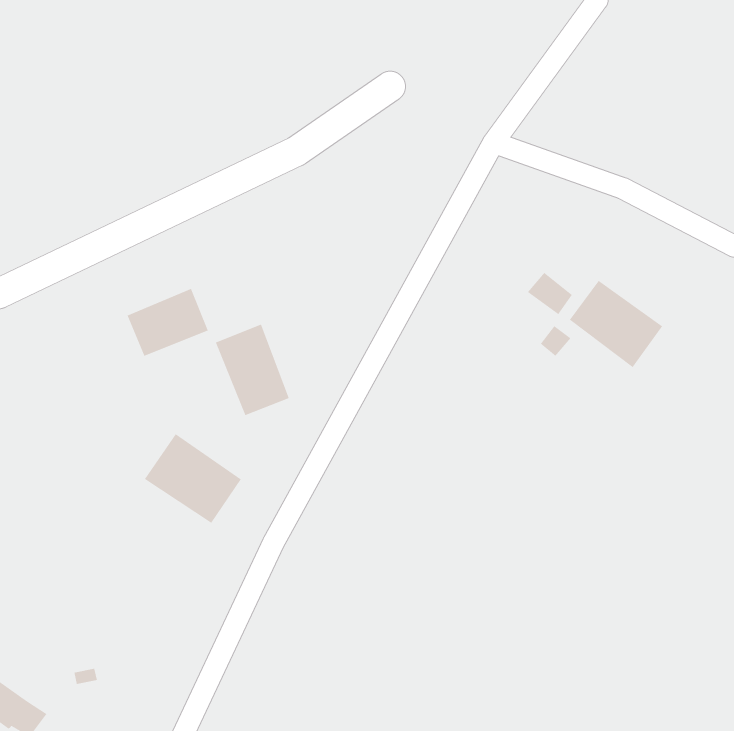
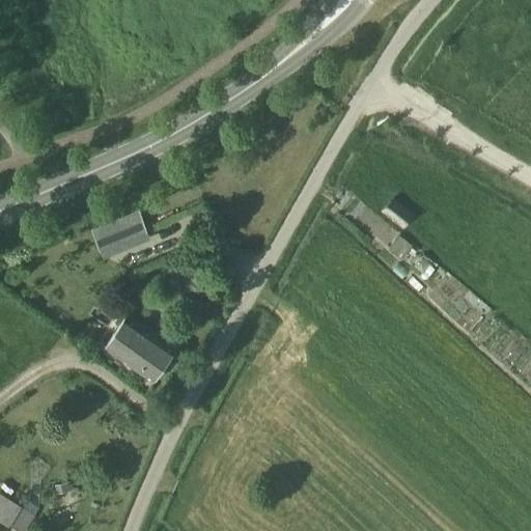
building: [569,280,663,368] -> none
building: [215,323,290,416] -> none

